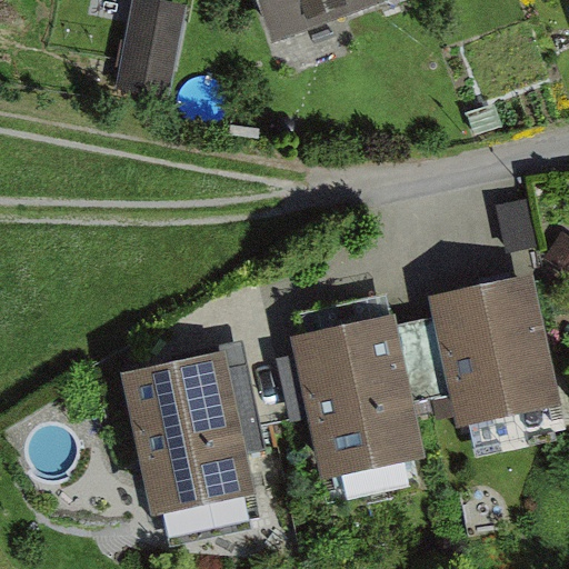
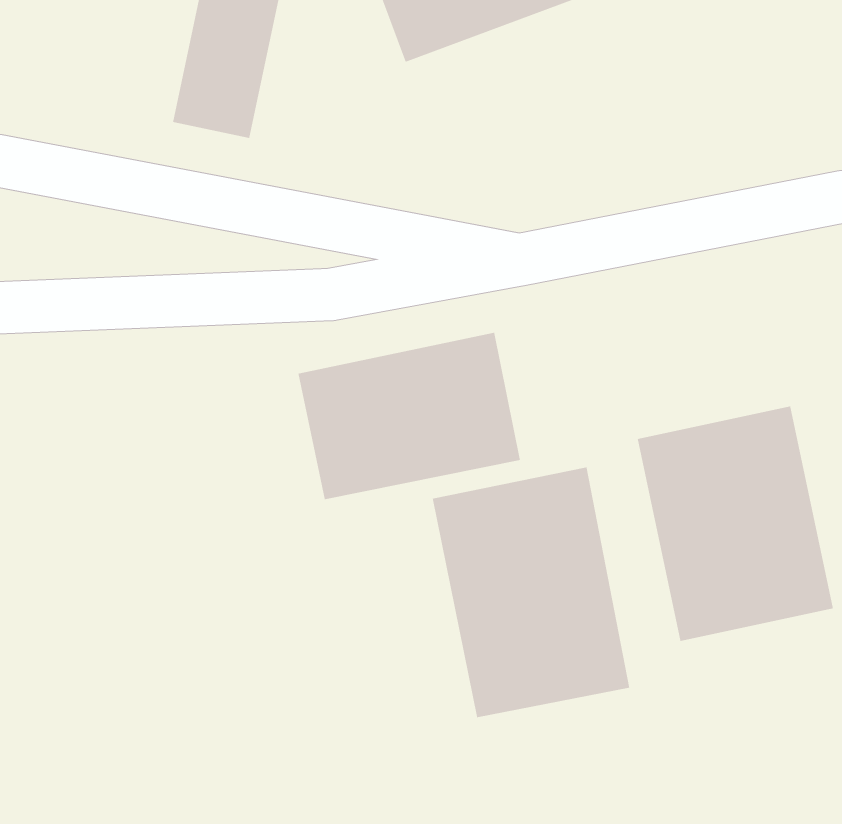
building: none -> [297,332,521,500]
building: [121,352,256,520] -> none

